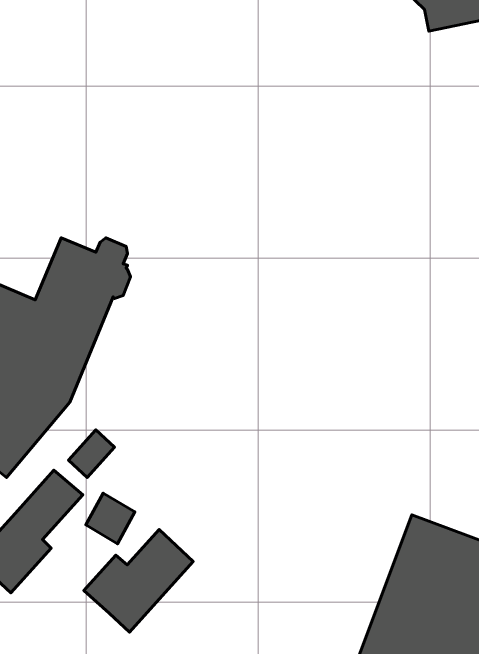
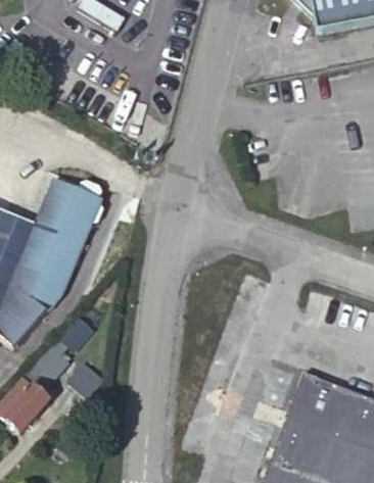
building: [84,530,193,632] -> none

